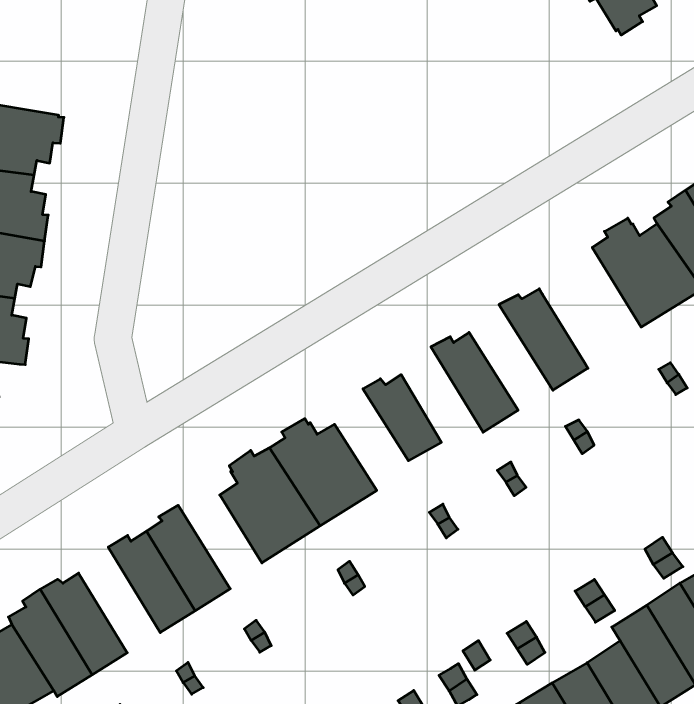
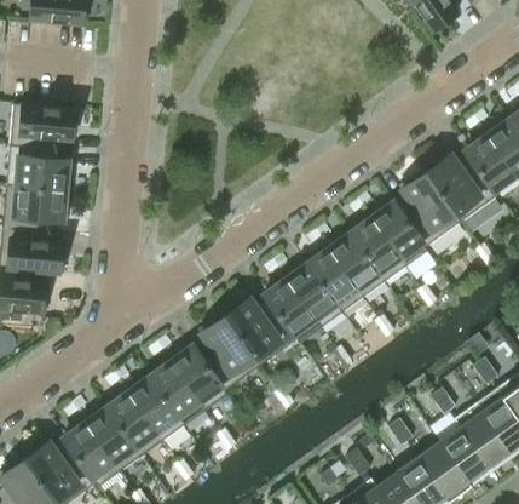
building: none -> [396,172,461,247]
building: none -> [350,213,406,281]
building: none -> [307,244,363,313]
building: none -> [264,274,322,343]
building: none -> [168,345,227,410]
building: none -> [106,388,162,456]

